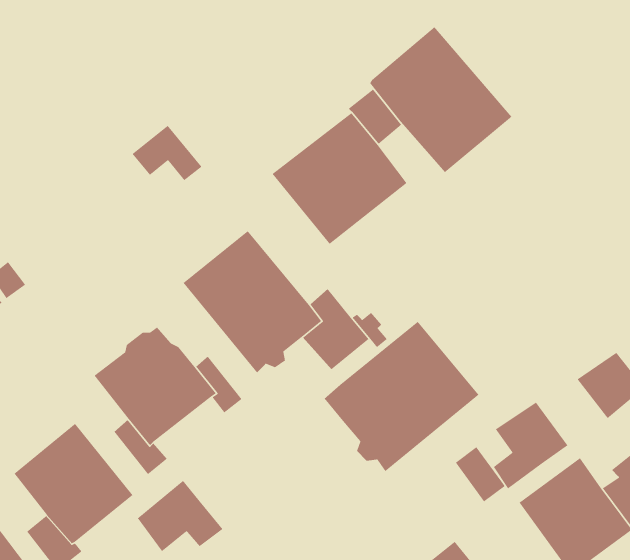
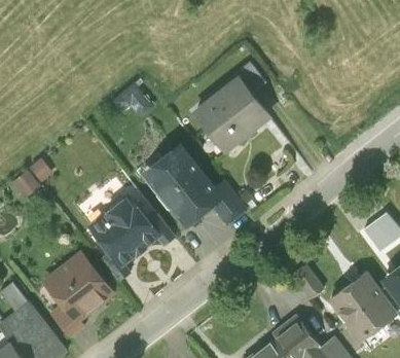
building: [369,26,512,173] -> none
building: [324,321,479,472] -> none
building: [493,402,568,489] -> none
building: [137,480,223,552] -> none

